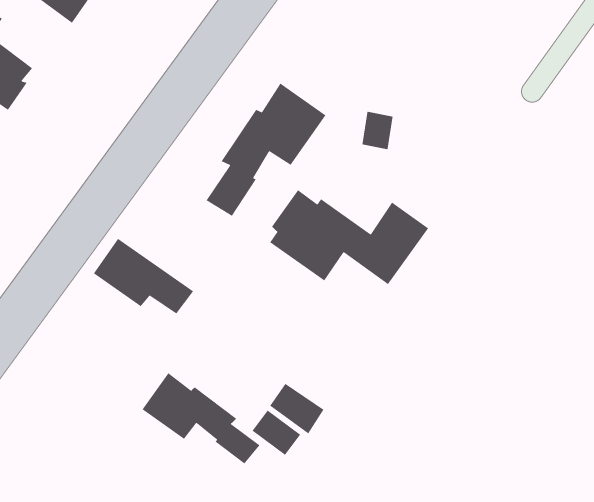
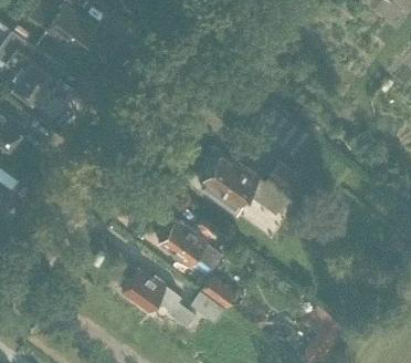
building: [206,83,327,217] -> none
building: [93,238,194,314] -> [159,221,222,269]

